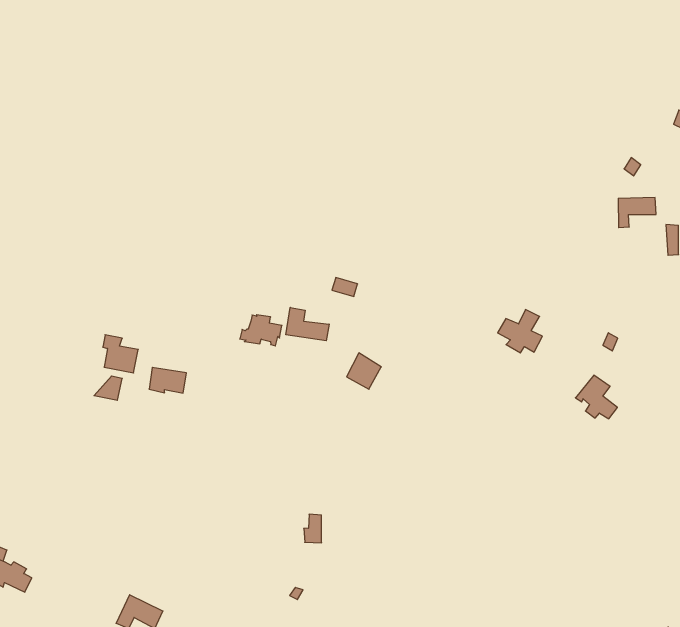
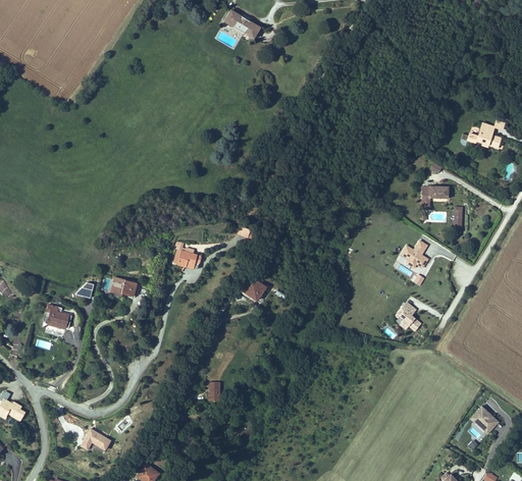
building: [286,307,329,341] -> none
building: [498,310,542,353] -> [399,241,428,269]
building: [103,335,138,373] -> [45,304,68,330]

